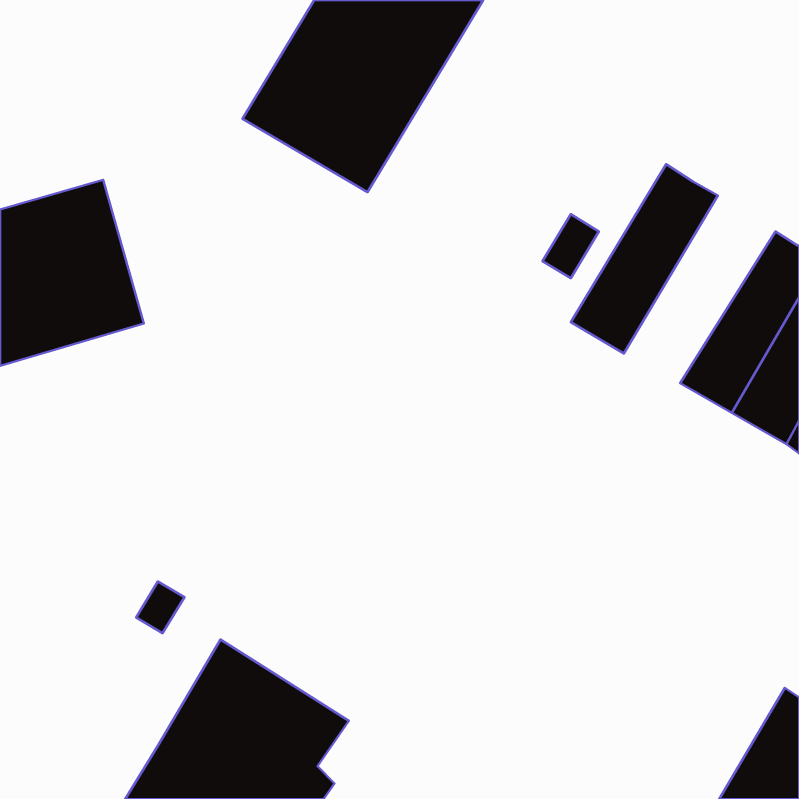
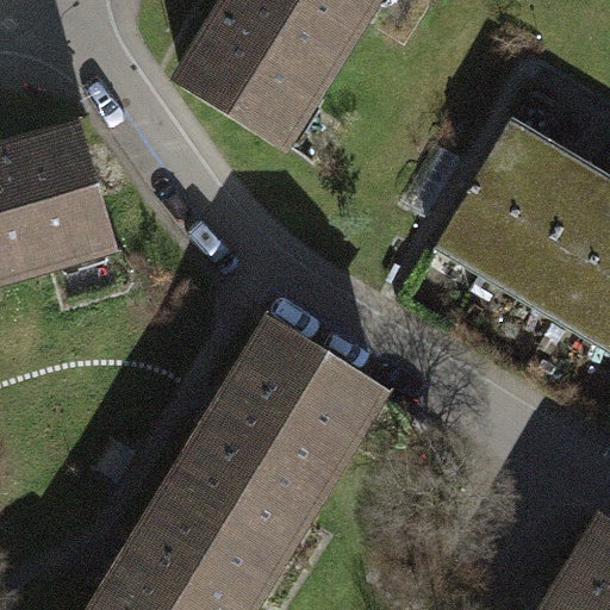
building: none -> [475,149,591,292]
building: none -> [168,328,363,549]

